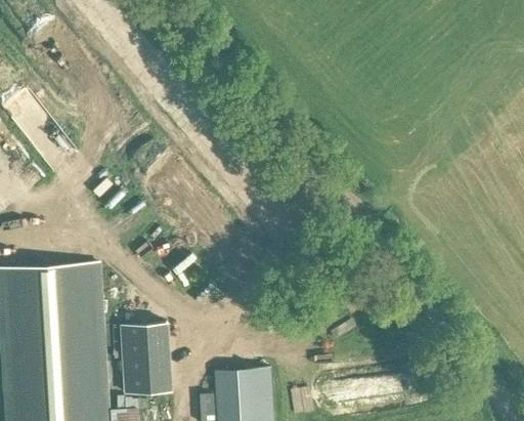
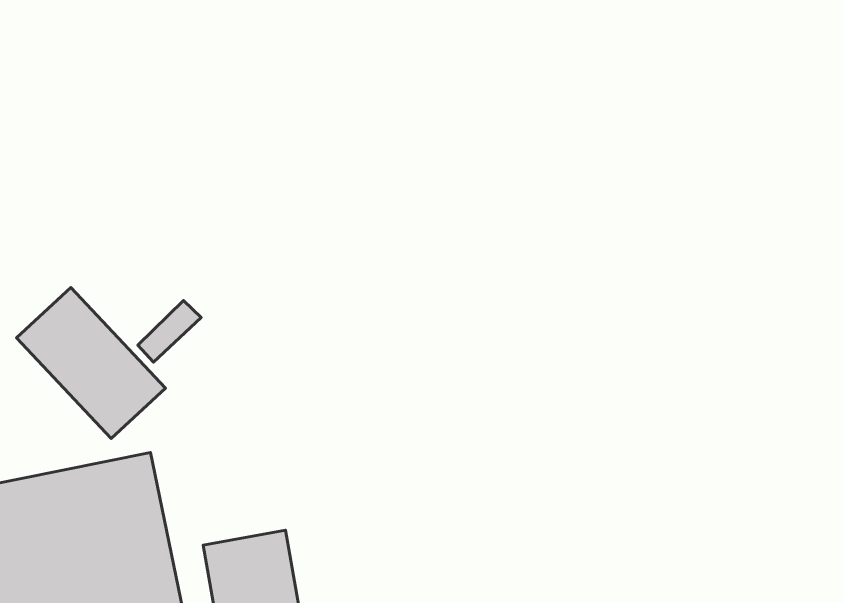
building: none -> [17,287,165,439]

